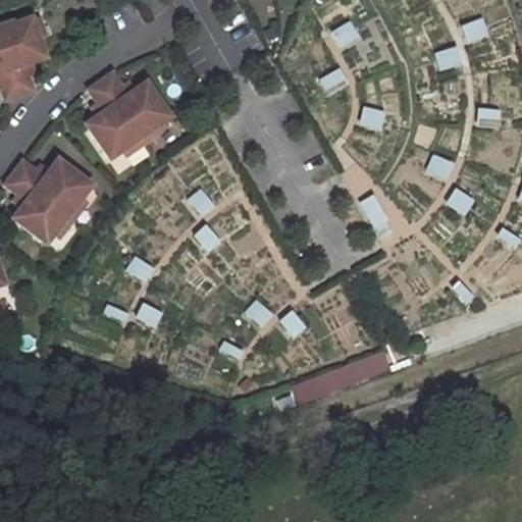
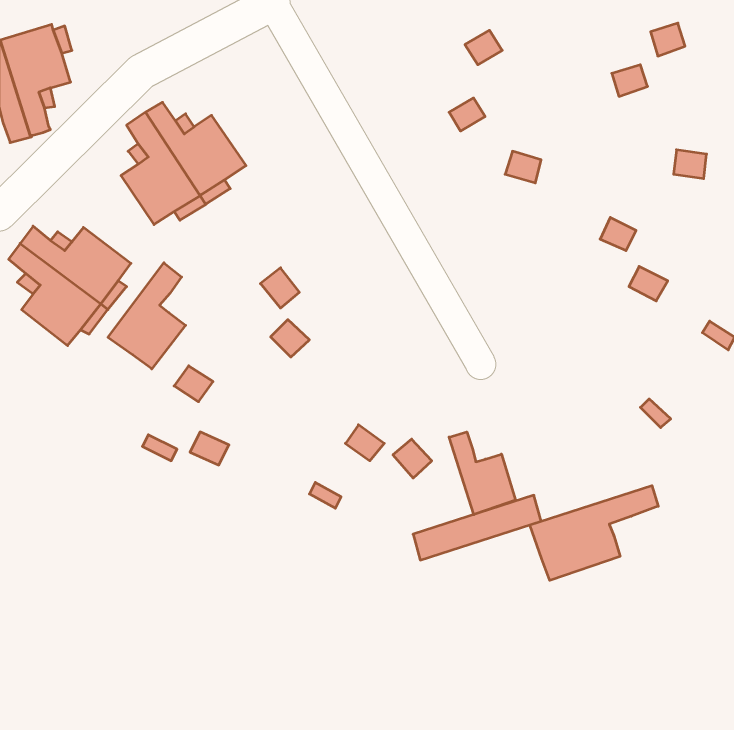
building: none -> [108,263,186,369]
building: none -> [449,432,515,515]
building: none -> [530,486,658,580]

